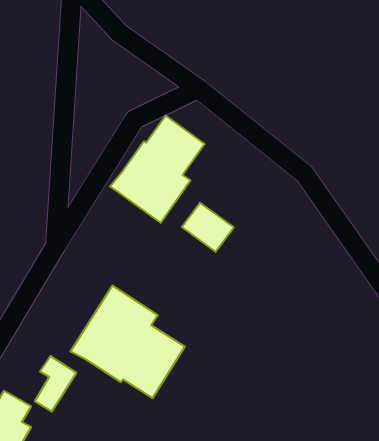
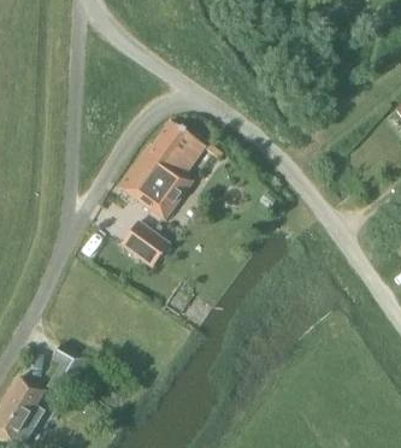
building: [182,203,234,252] -> [120,220,169,266]
building: [70,285,185,398] -> none

